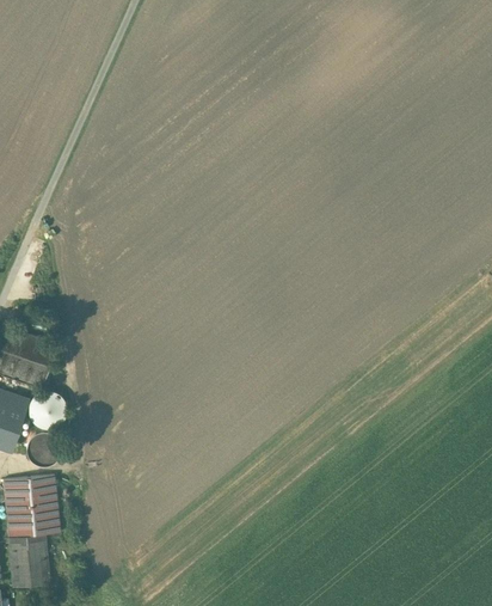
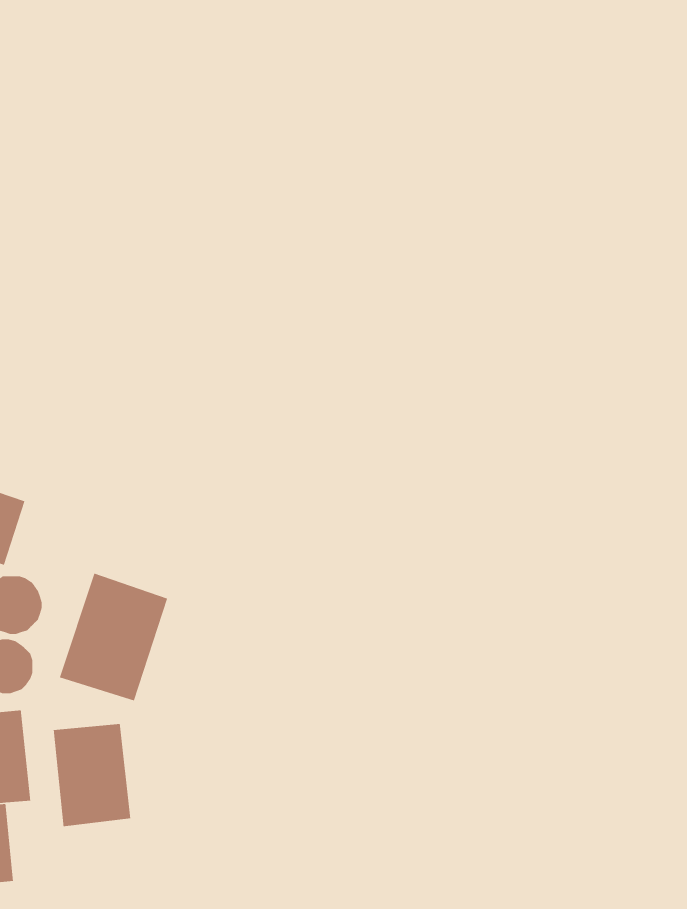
building: none -> [59,573,168,701]
building: none -> [53,723,131,827]

